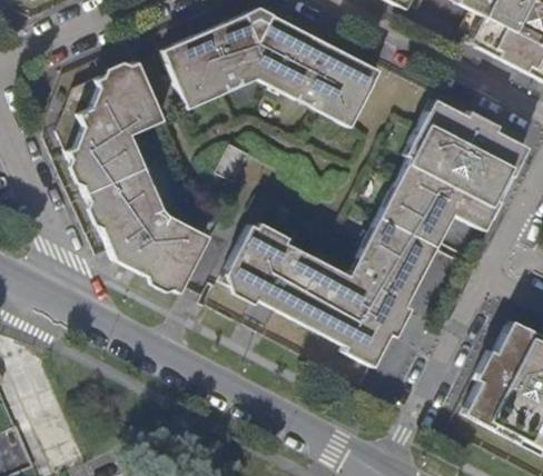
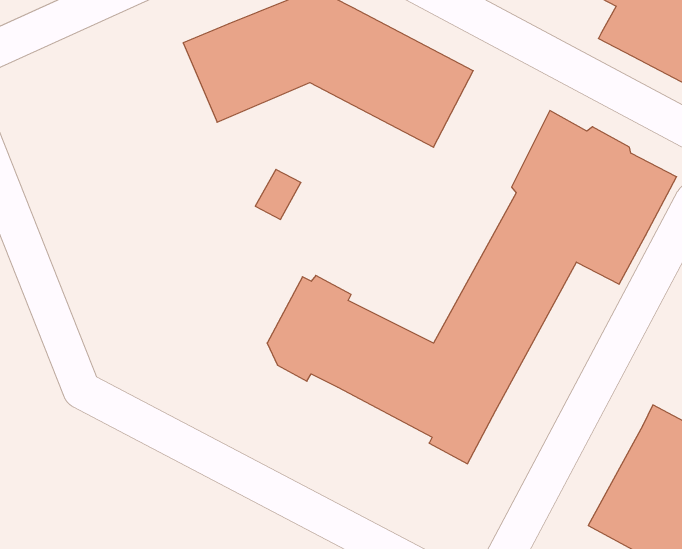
building: [56,59,207,290] -> none

